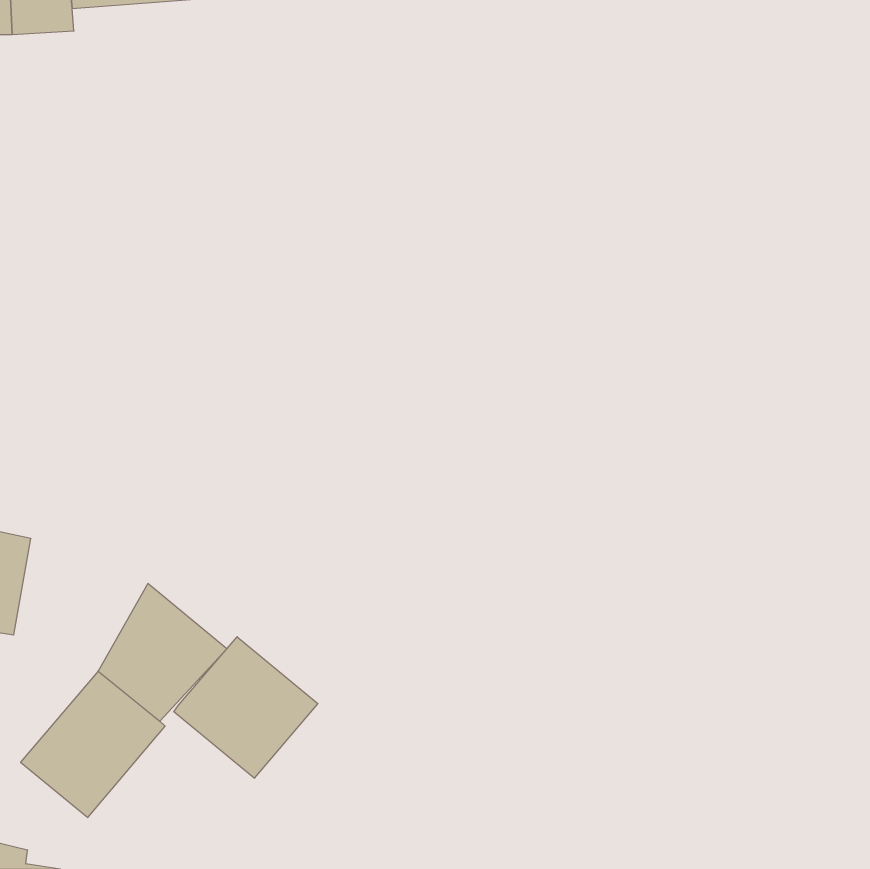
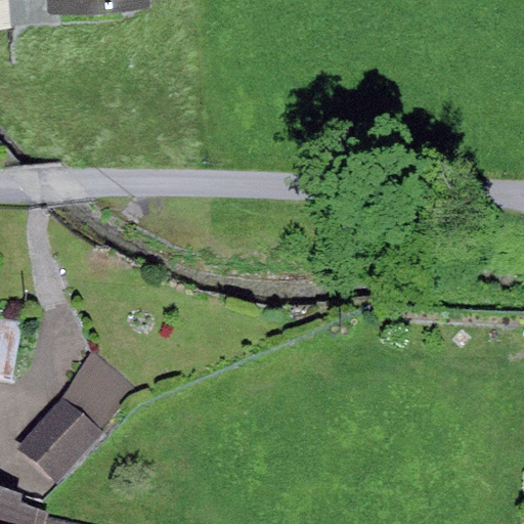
building: [174,637,318,778] -> none

